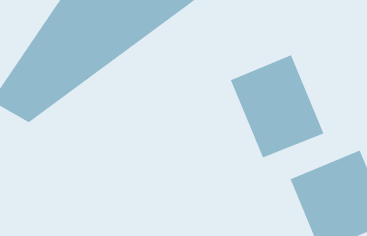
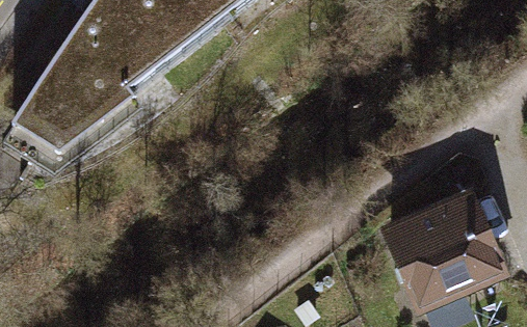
building: [230,54,324,159] -> none

